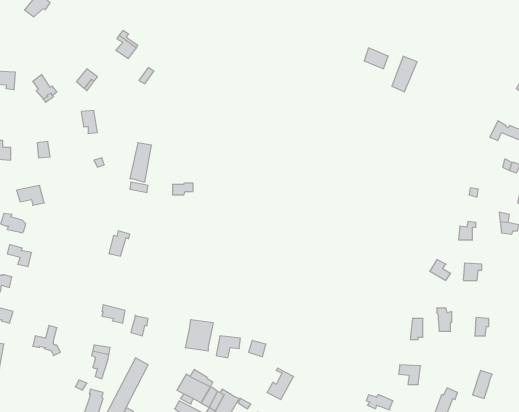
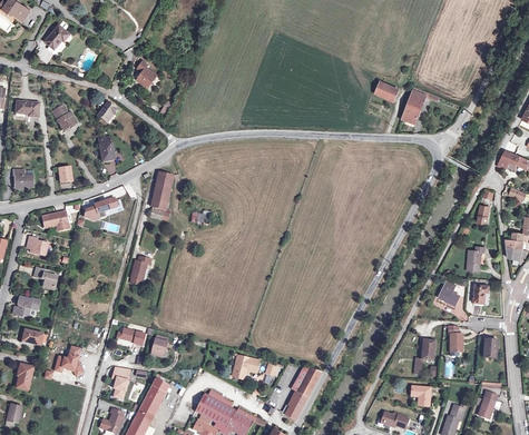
building: none -> [81,195,117,220]
building: [186,319,213,351] -> none
building: none -> [292,366,322,396]

